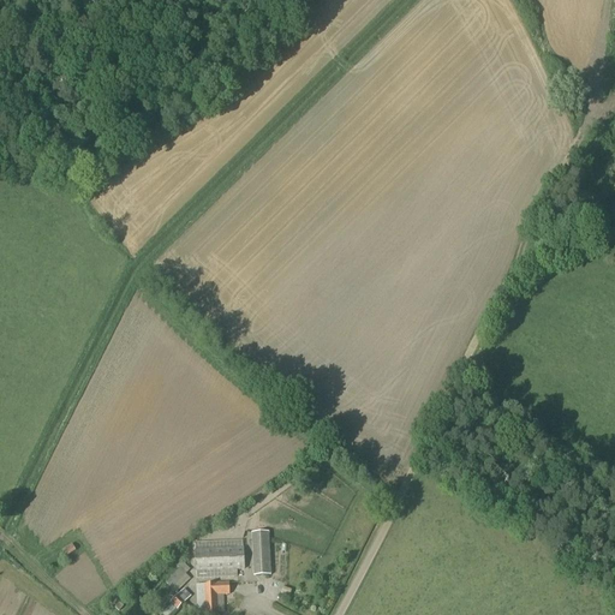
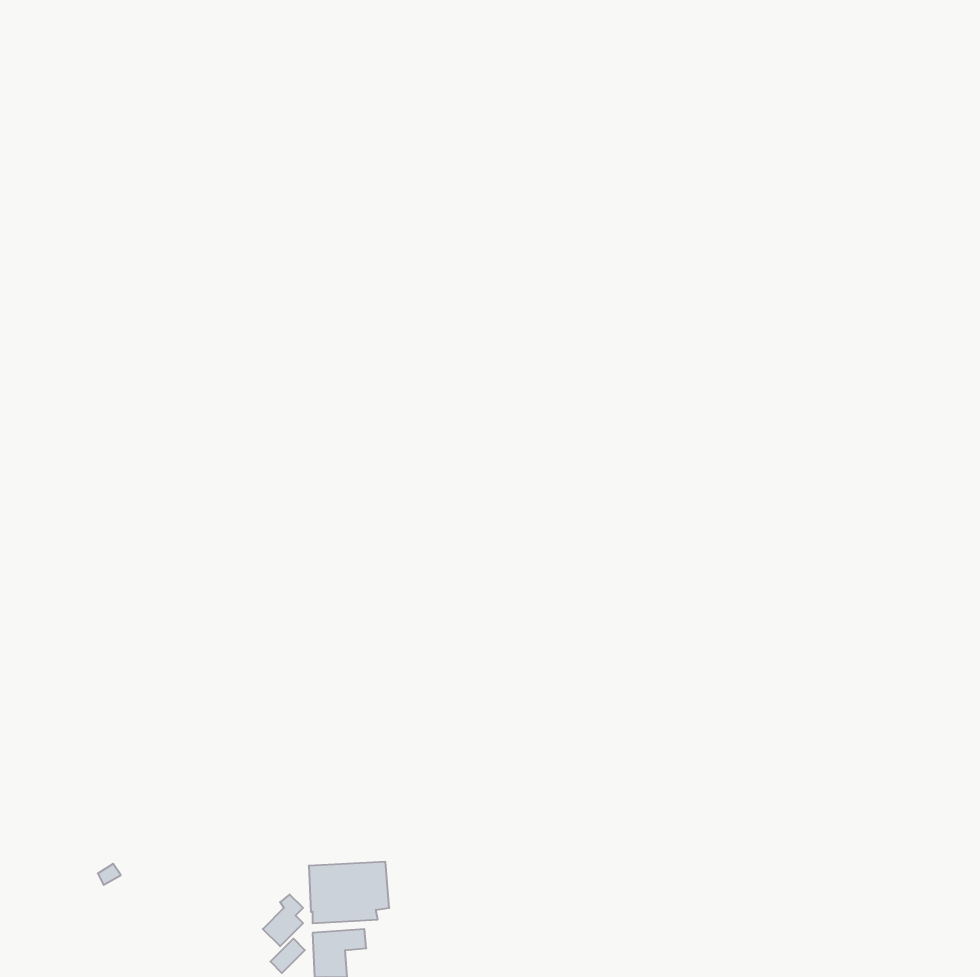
building: [251,530,270,574] -> none

